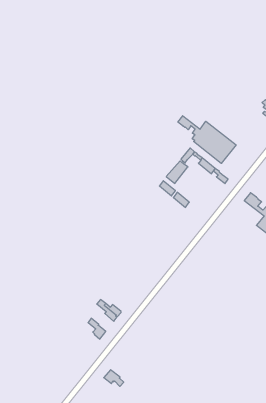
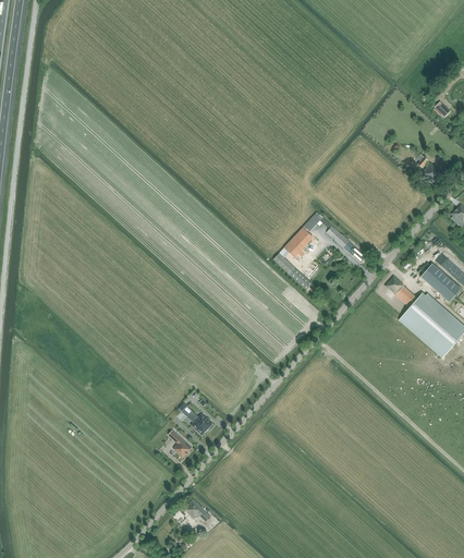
building: [178,116,236,163] -> none

